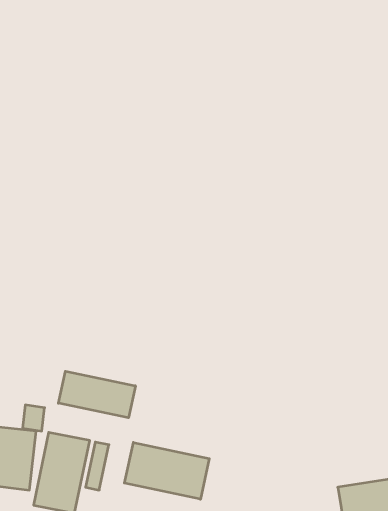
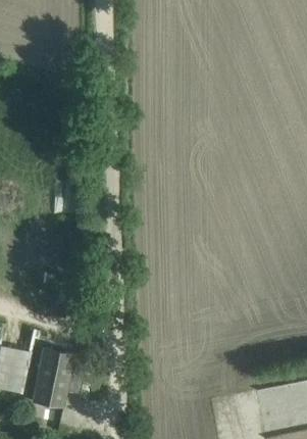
building: [58,371,135,418] -> none
building: [124,442,209,499] -> none

